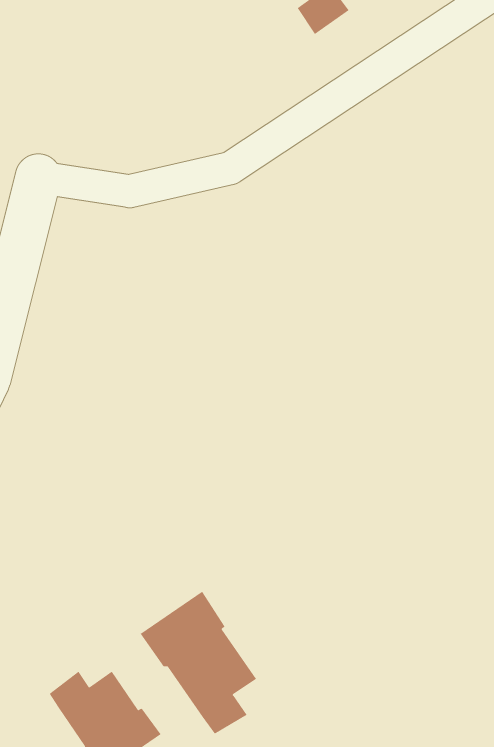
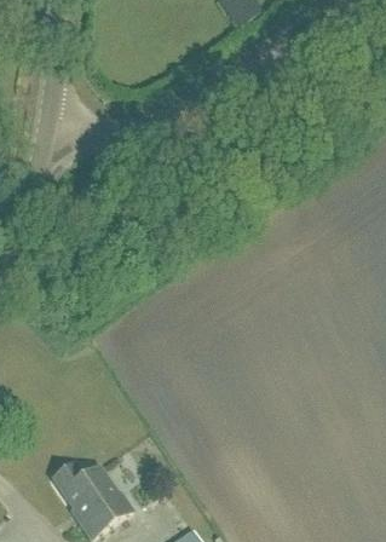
building: [140,591,257,735] -> none

